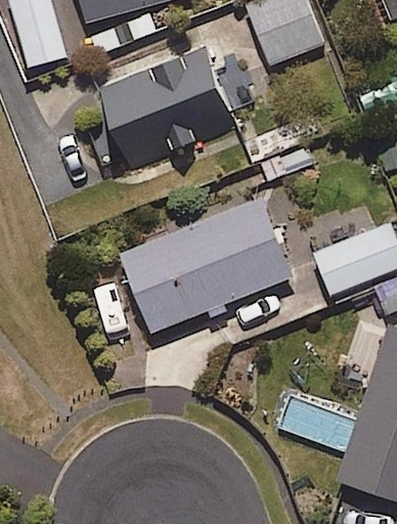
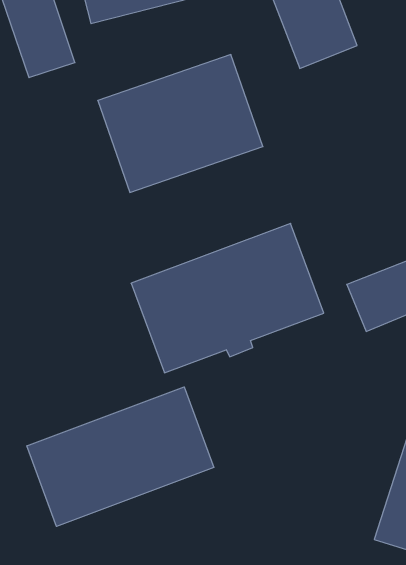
building: none -> [27,387,214,526]

